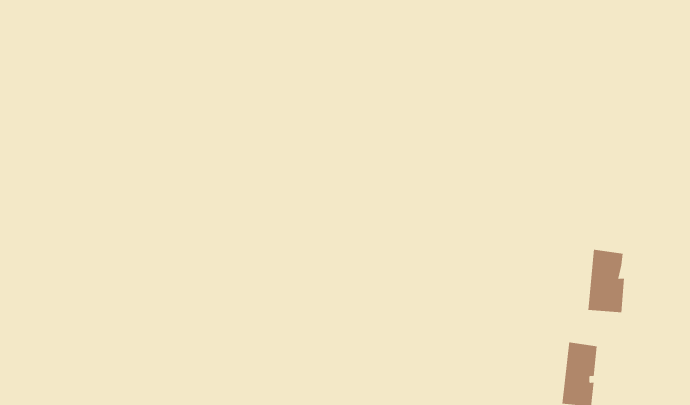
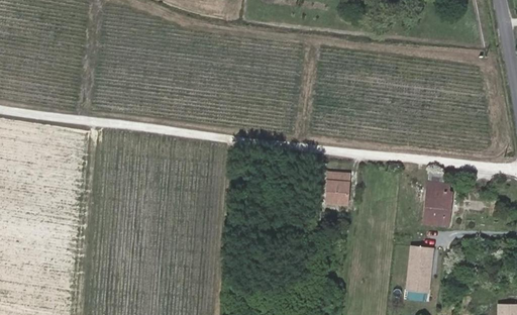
building: none -> [326,172,349,202]

